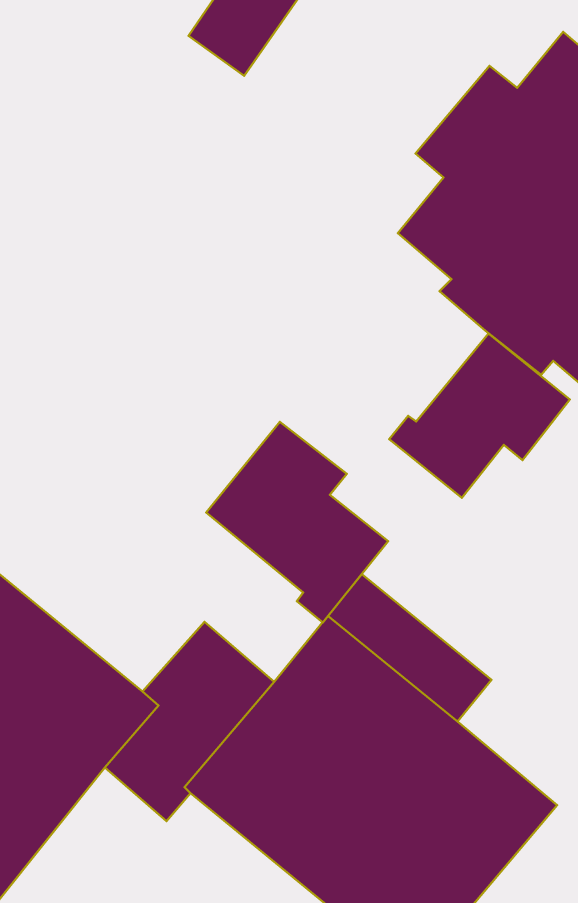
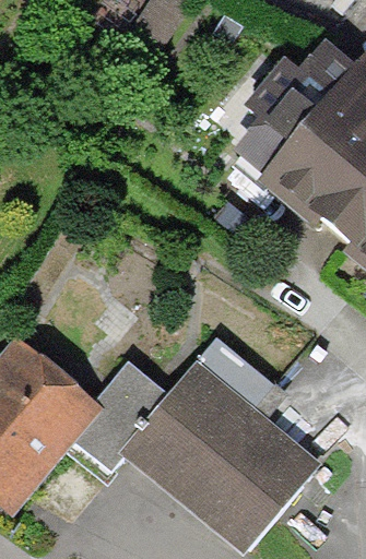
building: [389,333,570,498] -> none
building: [206,422,388,622] -> none

